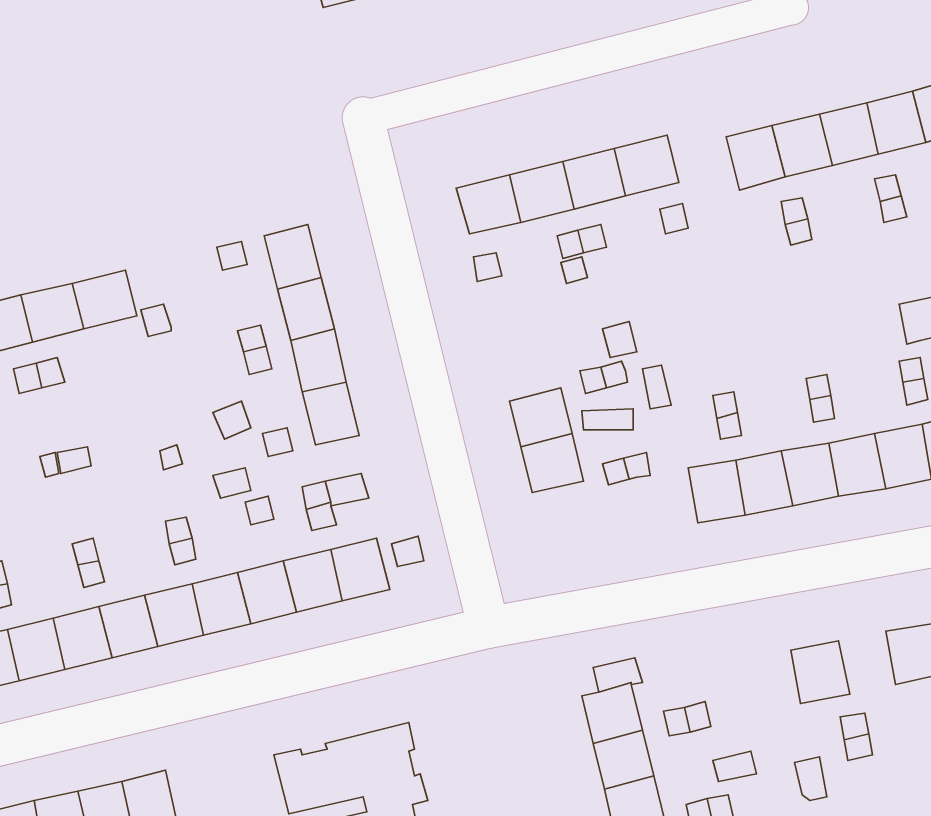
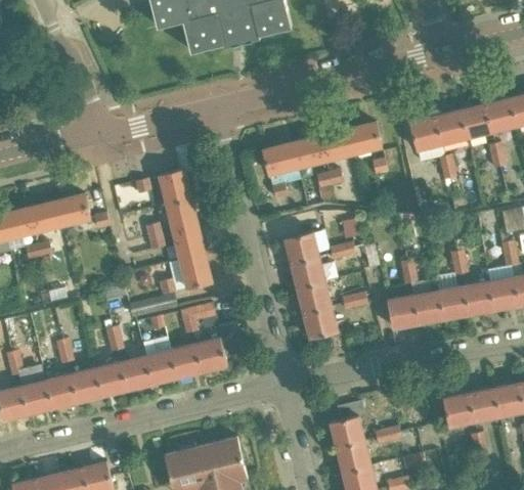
building: none -> [286,231,319,264]
building: none -> [304,307,338,339]
building: none -> [469,388,499,421]

